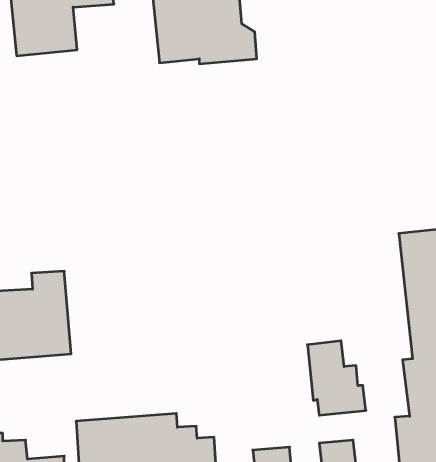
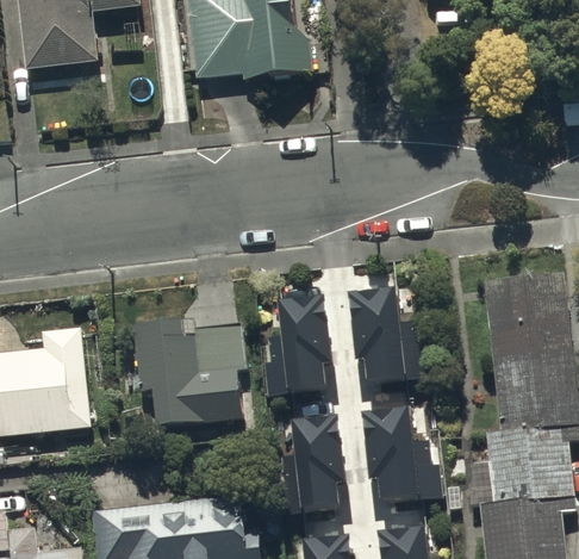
building: none -> [359,292,429,380]
building: none -> [268,298,332,392]
building: none -> [135,318,244,430]
building: none -> [282,418,347,513]

